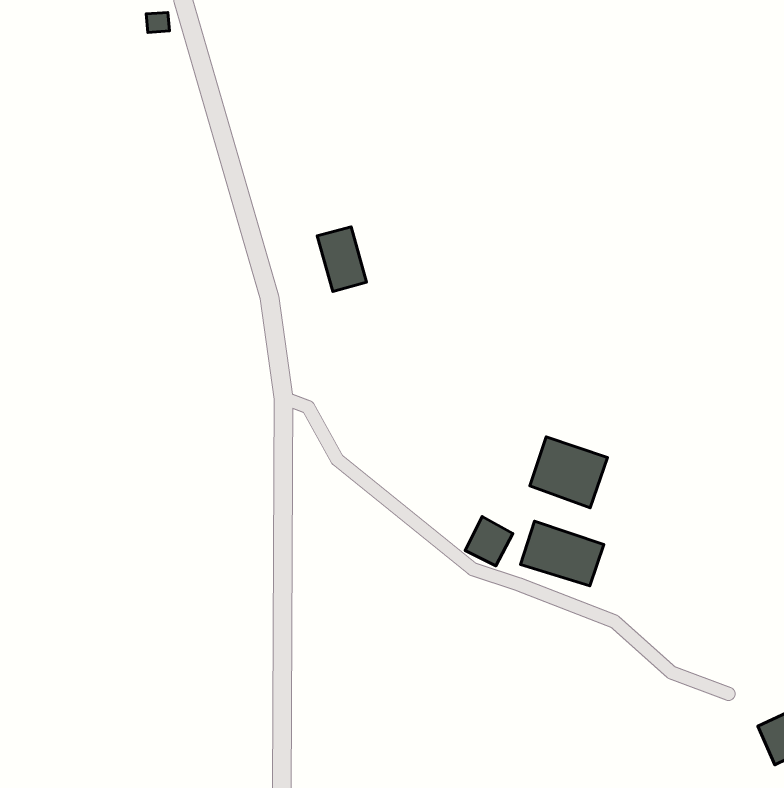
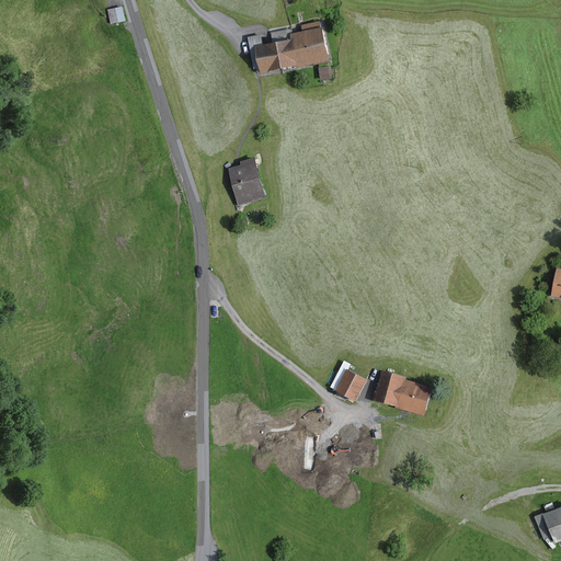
building: none -> [255,22,324,69]
building: [530,437,608,508] -> none

